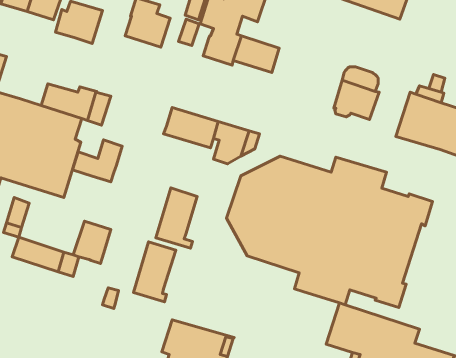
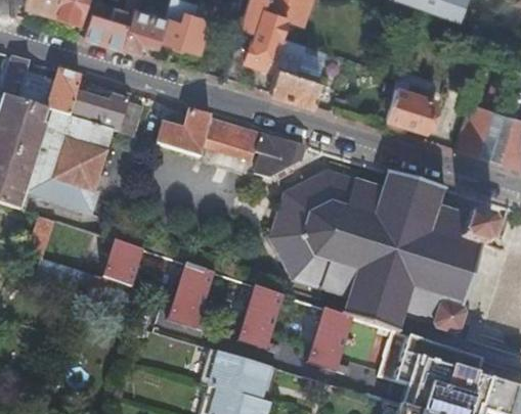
building: none -> [123,8,166,52]
building: none -> [268,66,320,106]
building: none -> [45,71,80,116]
building: [72,140,122,182] -> [156,110,210,156]
building: [156,188,197,248] -> [237,286,283,352]
building: none -> [307,309,352,373]

